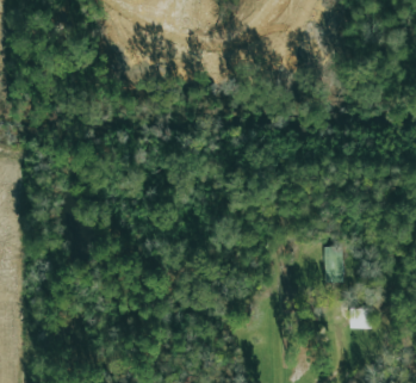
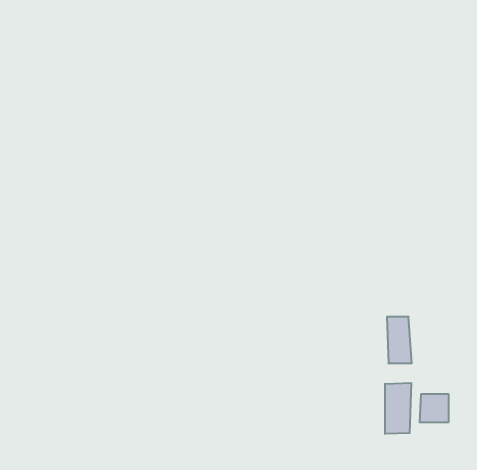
building: none -> [385,383,411,434]

